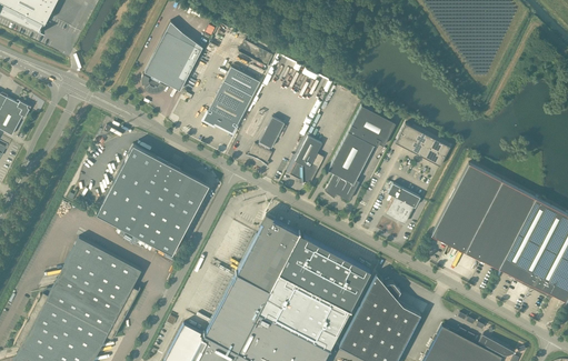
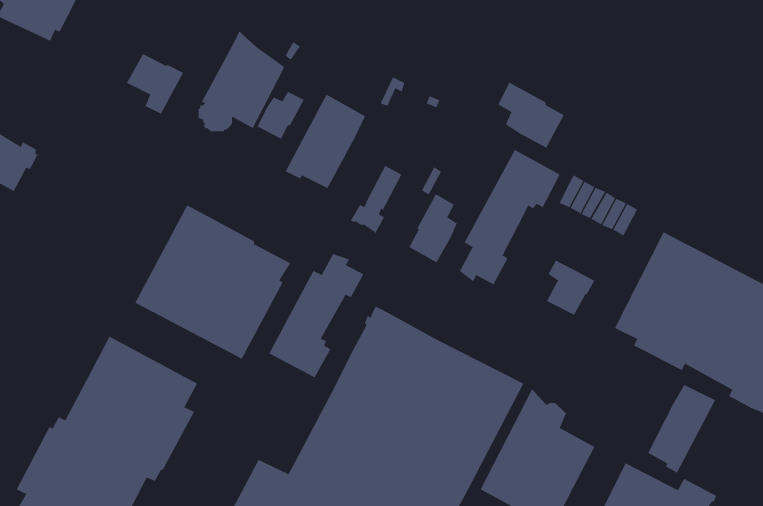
building: none -> [126,53,184,115]
building: none -> [498,82,565,148]
building: none -> [257,91,304,139]
building: none -> [269,253,364,378]
building: none -> [647,384,716,474]

